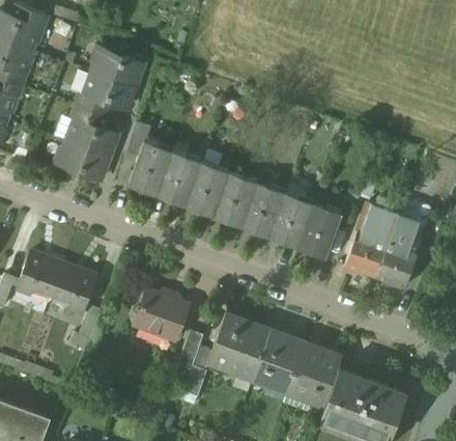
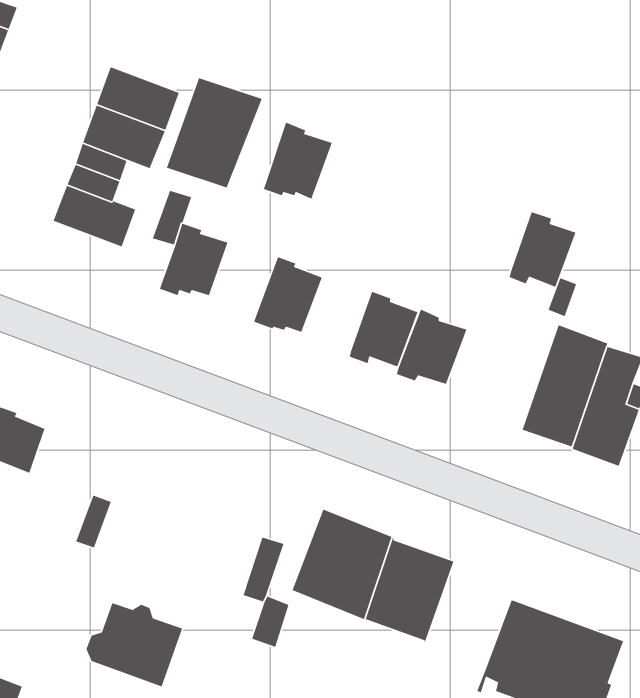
building: none -> [166,77,263,188]
building: [58,142,108,181] -> none
building: [158,153,199,199] -> [263,121,333,200]
building: [213,173,256,219] -> none
building: [300,204,340,250] -> [509,211,577,288]
building: [53,266,96,311] -> none
building: [132,288,190,339] -> [86,602,183,688]
building: [288,343,343,407] -> none

